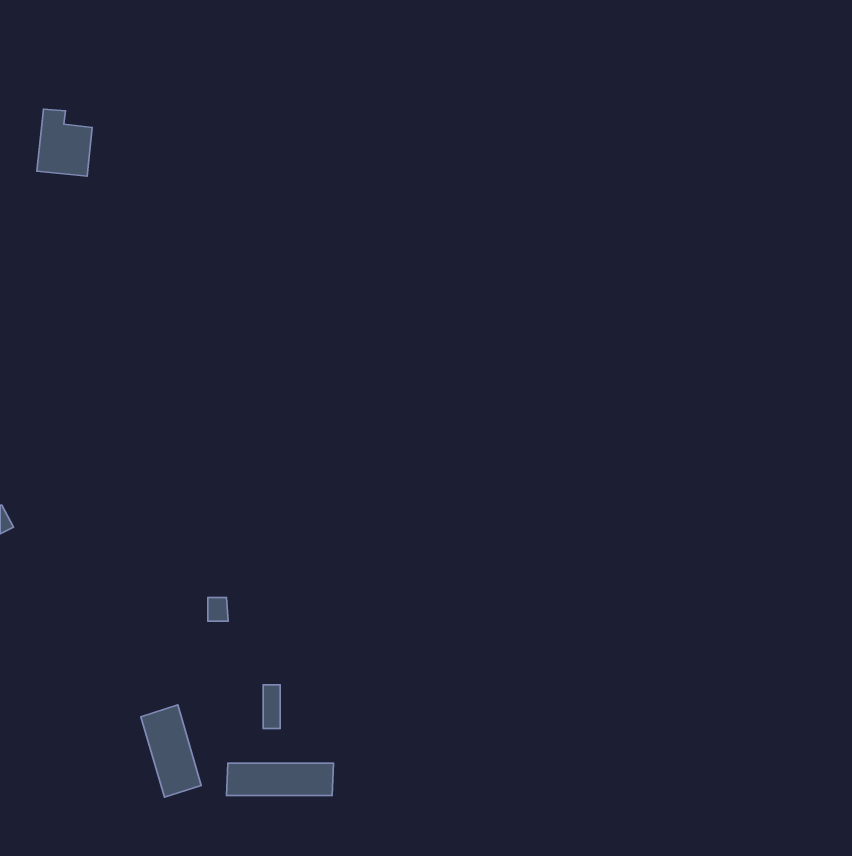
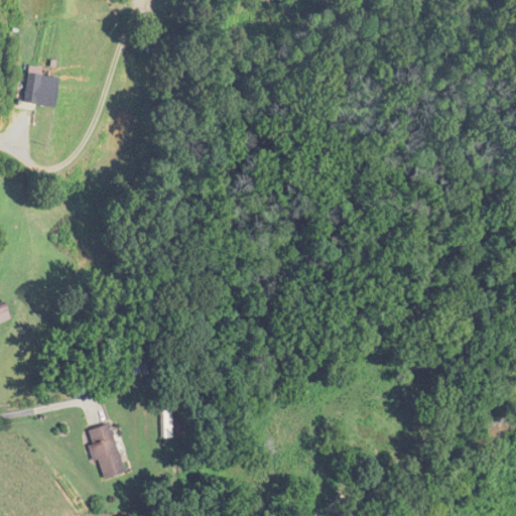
building: [227,763,333,796] -> none

